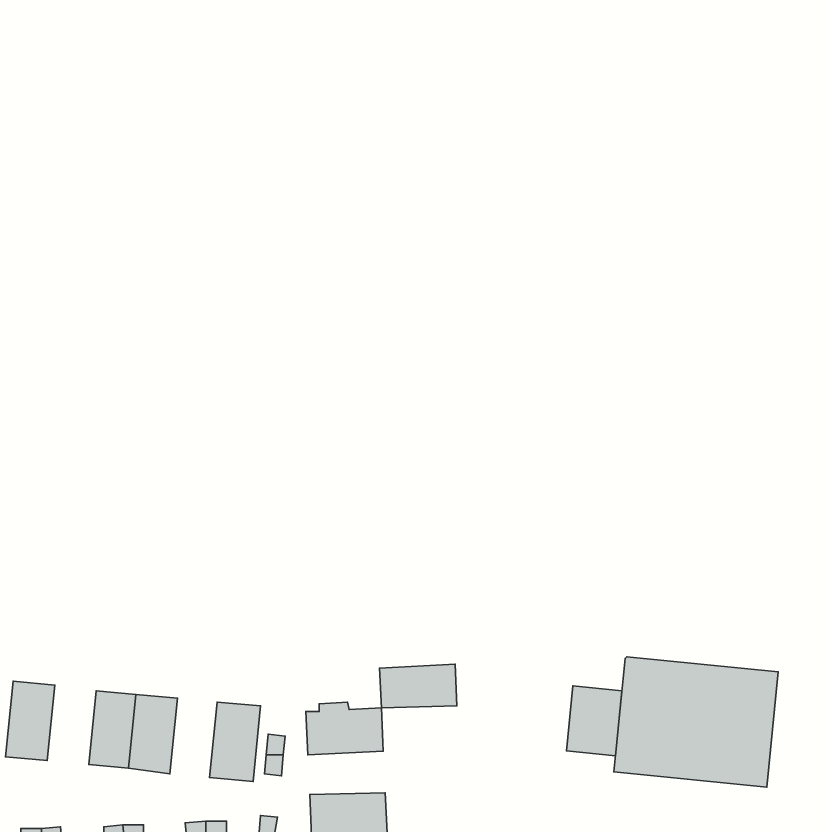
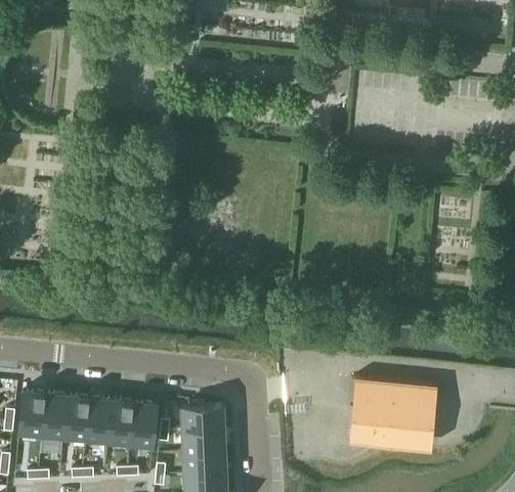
building: [380,664,457,708] -> [182,430,224,453]
building: none -> [41,394,68,437]
building: [566,686,622,756] -> none
building: none -> [108,401,133,444]

